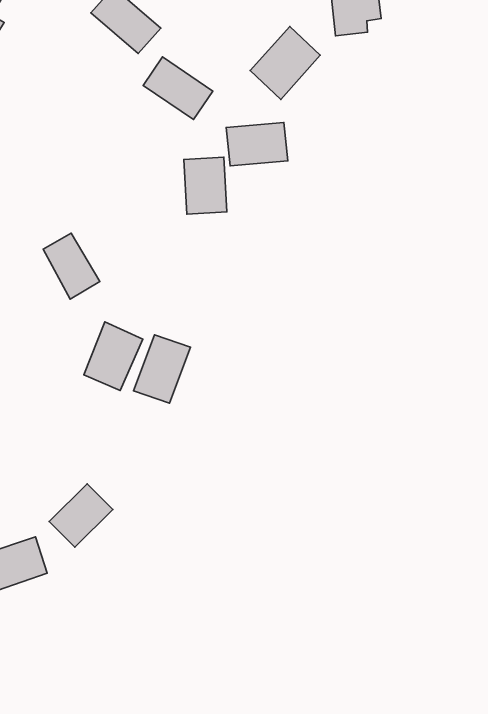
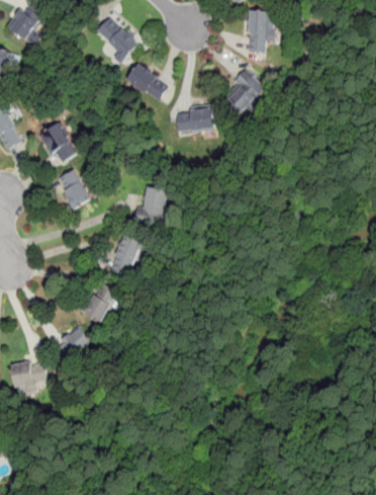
building: [250,26,320,99] -> [221,71,266,116]
building: [184,157,227,214] -> [140,188,166,223]
building: none -> [38,122,77,164]
building: [84,322,143,390] -> [79,280,117,324]

